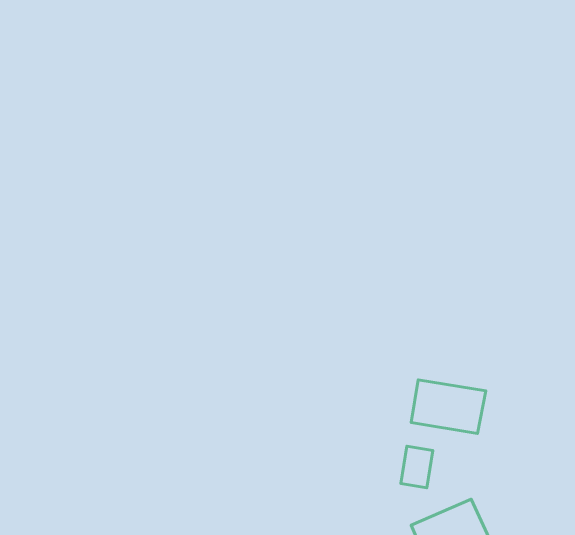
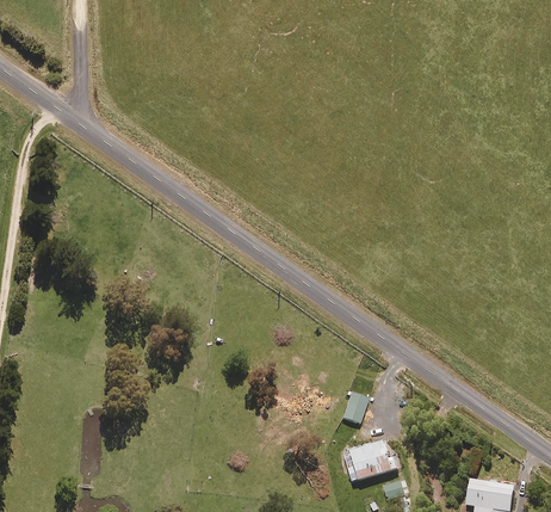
building: [411,380,486,433] -> none

